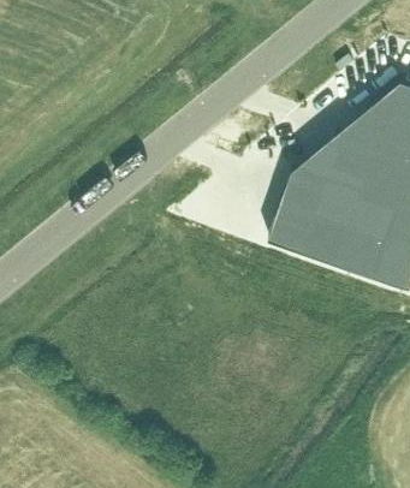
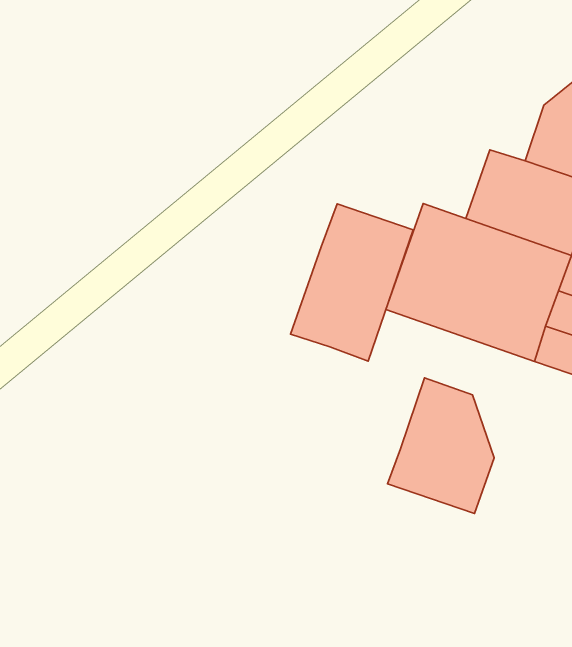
building: none -> [290,204,413,361]
building: none -> [387,378,494,514]

